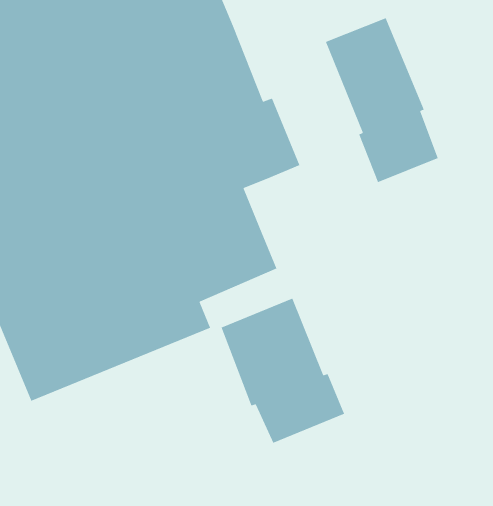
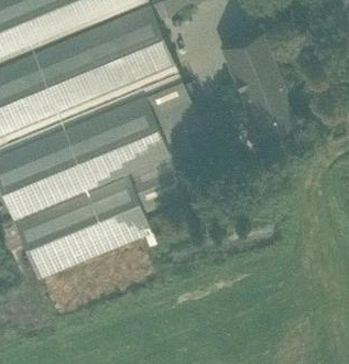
building: [220,298,345,444] -> none

